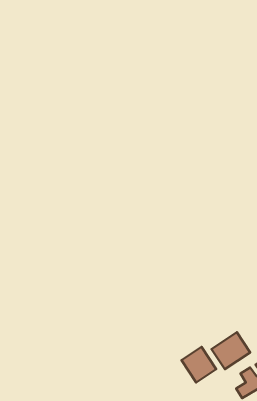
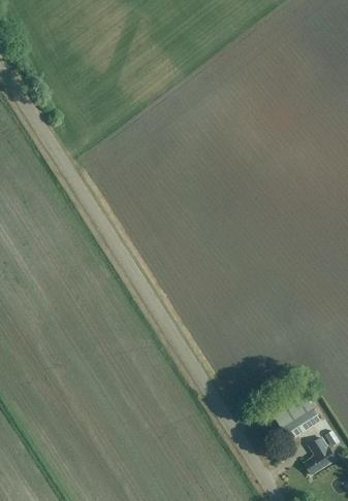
building: [181,347,216,382] -> none

